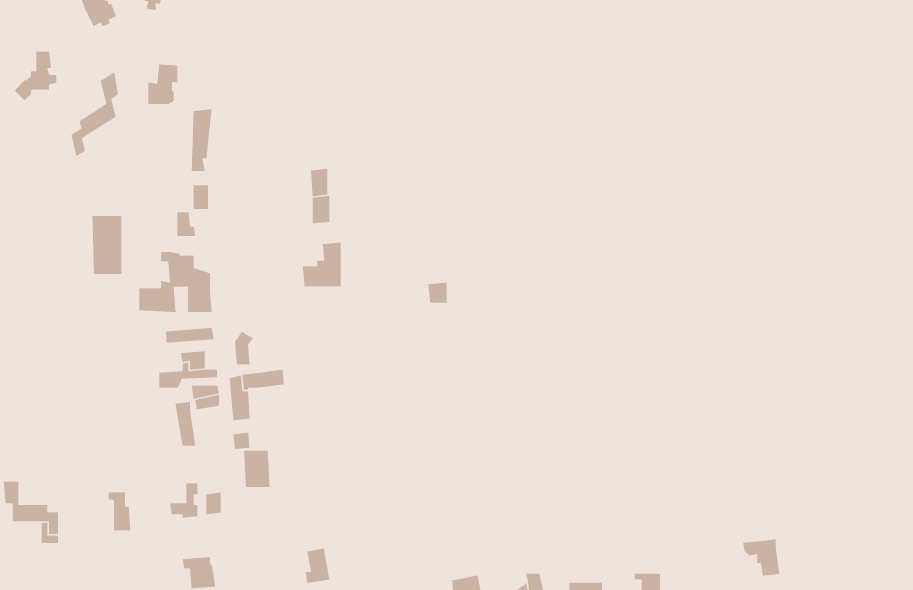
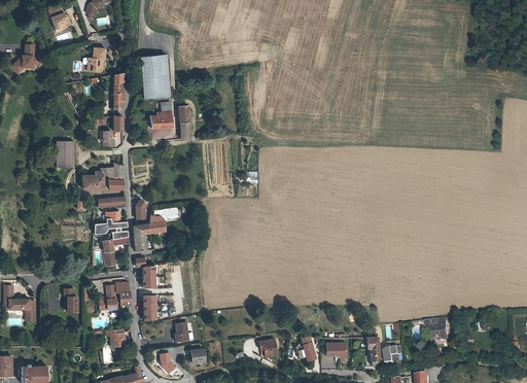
building: [70,71,119,158] -> none
building: none -> [142,55,171,97]
building: [302,242,342,287] -> [149,102,172,128]
building: none -> [142,295,157,322]

